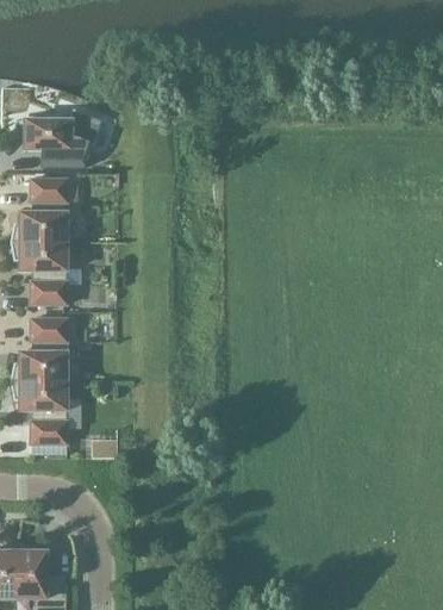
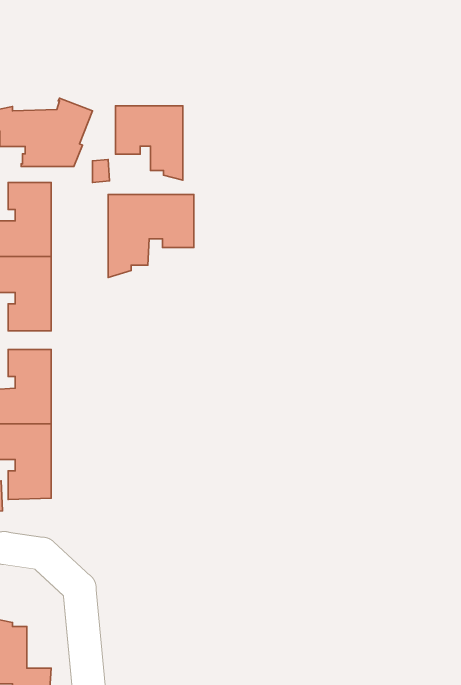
building: none -> [116,106,183,180]
building: none -> [108,195,194,278]

